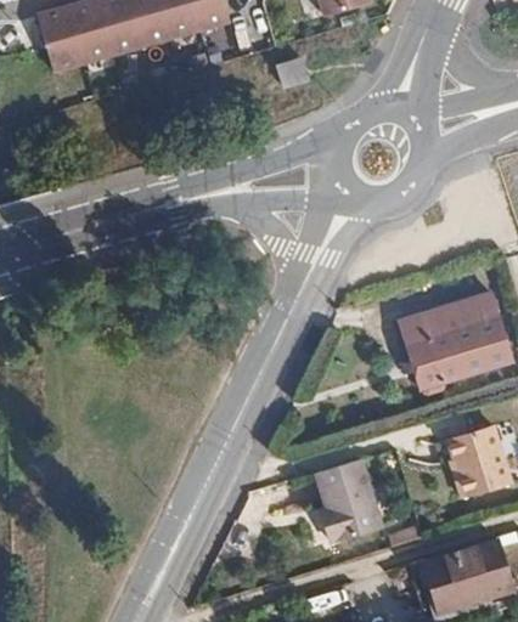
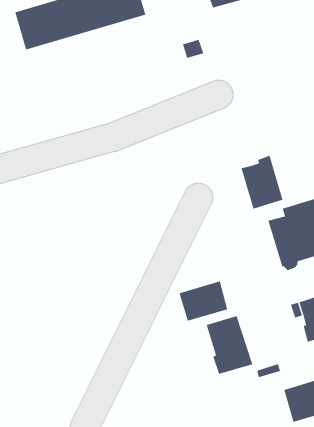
building: none -> [241,155,283,210]
building: none -> [179,280,228,321]

